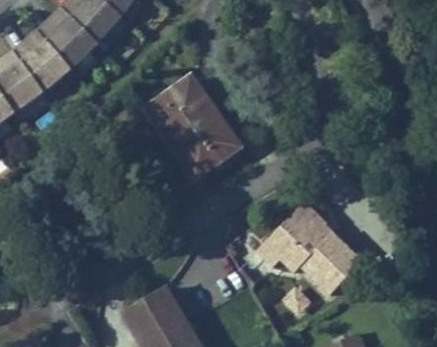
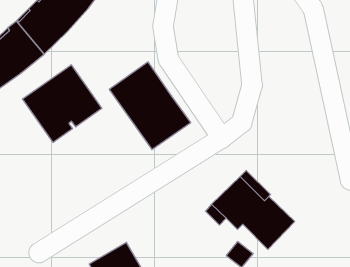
building: none -> [23,65,102,142]

